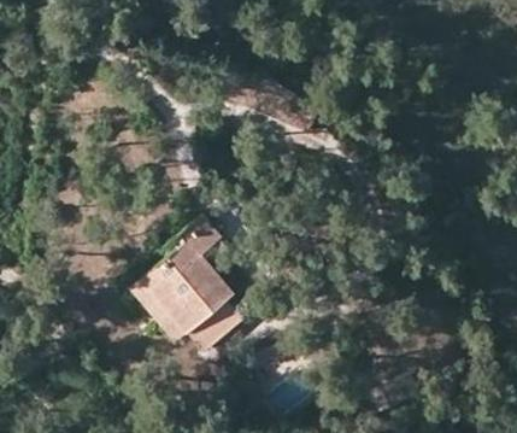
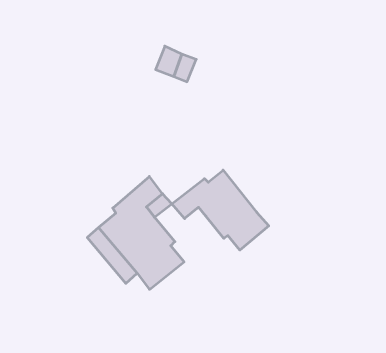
building: none -> [172,170,269,250]

